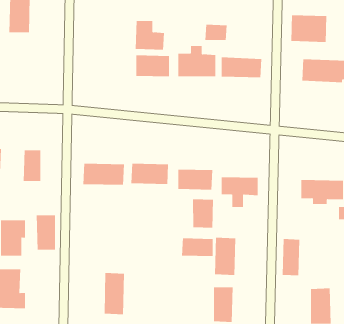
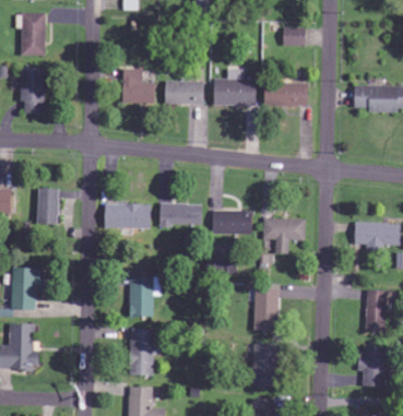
building: [291,14,327,43] -> none
building: [135,20,165,50] -> [122,69,156,103]
building: [204,24,228,40] -> [281,26,307,45]
building: none -> [21,68,46,114]
building: [193,199,214,228] -> none
building: [36,215,56,250] -> [129,276,152,317]
building: [182,238,213,257] -> none
building: [282,239,300,276] -> [366,289,387,332]

